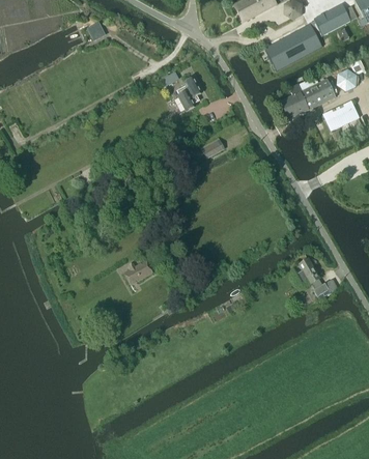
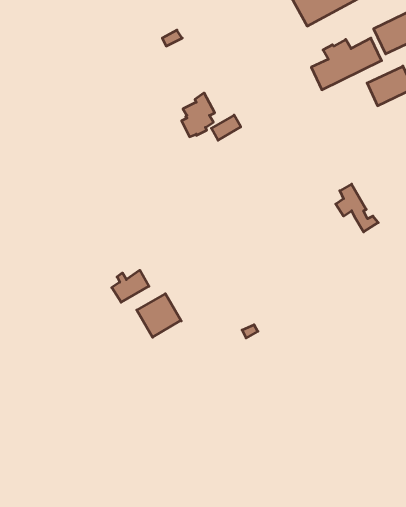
building: [175,77,201,111] -> [182,93,215,137]
building: [296,258,330,295] -> [336,184,378,232]
building: none -> [137,294,181,337]

